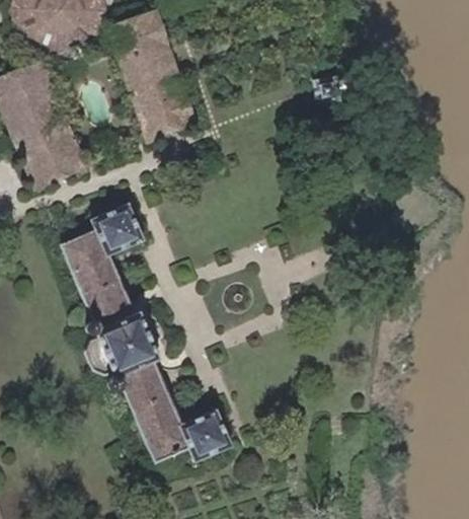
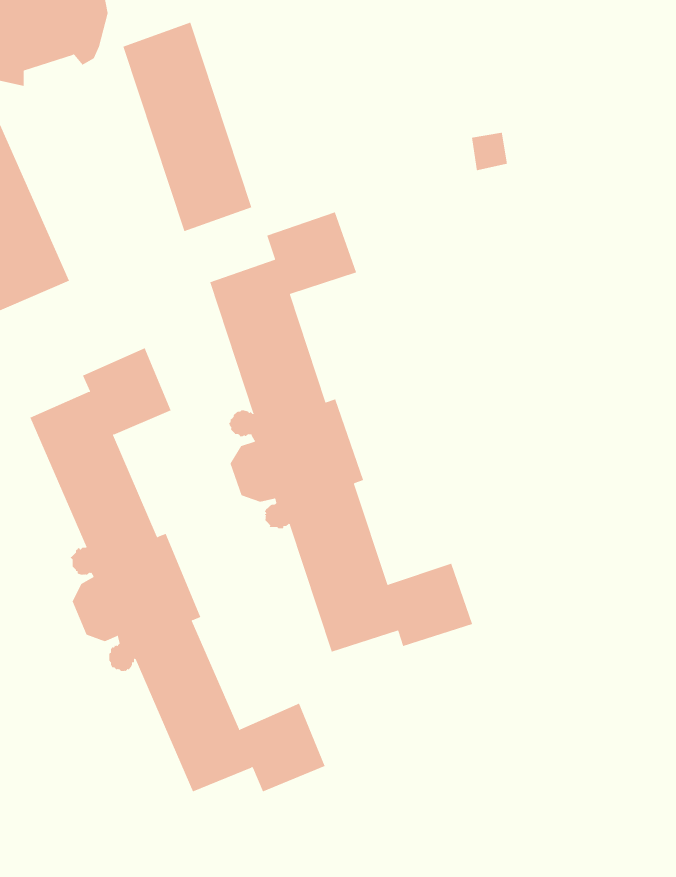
building: none -> [210,211,473,653]

